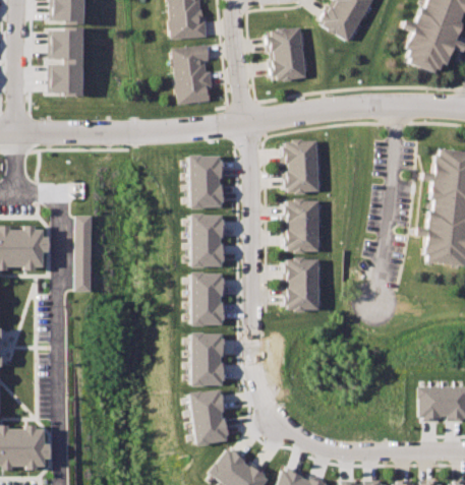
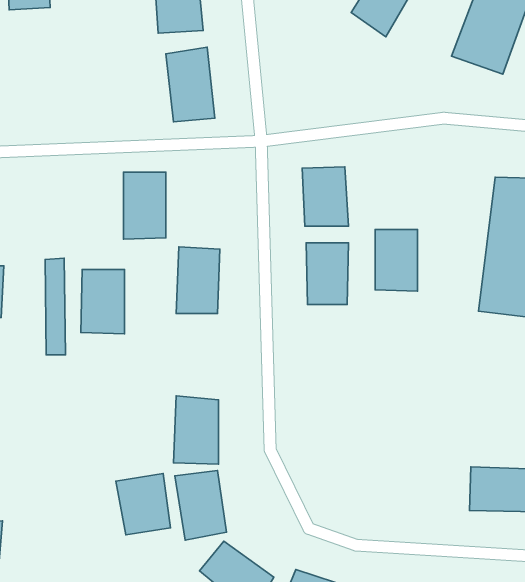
building: [50,32,82,90] -> none
building: [274,34,312,85] -> none
building: [187,150,221,203] -> [123,172,166,239]
building: [287,265,321,314] -> [375,230,418,291]
building: [183,269,218,320] -> [81,269,125,334]
building: none -> [116,474,170,535]

